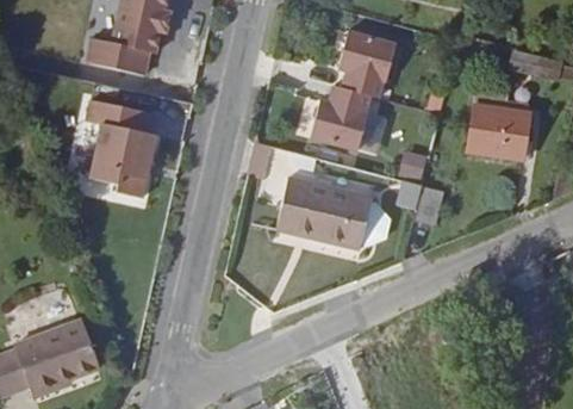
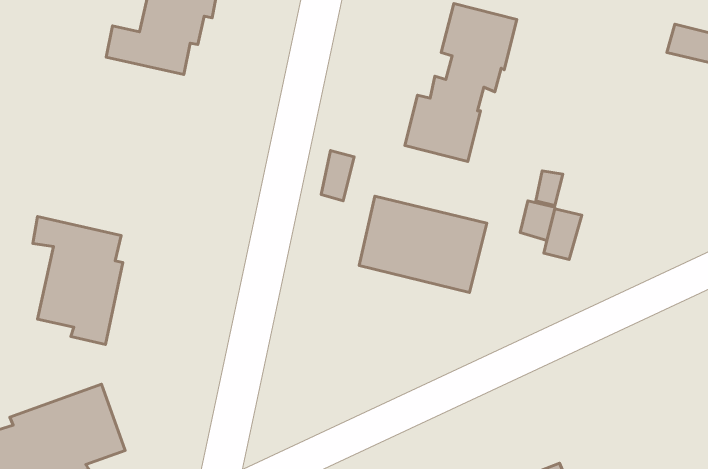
building: [88,99,156,196] -> [33,217,123,344]
building: [466,103,529,159] -> none

